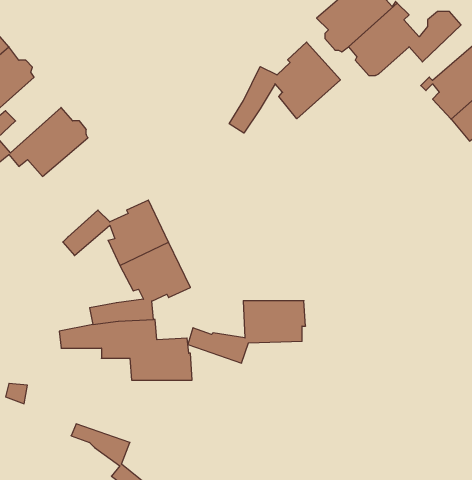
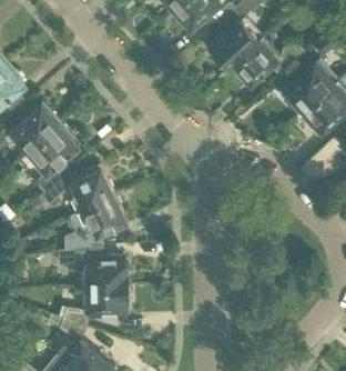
building: [229,42,340,133] -> none
building: none -> [30,127,78,192]
building: [188,301,306,363] -> [52,287,130,328]

